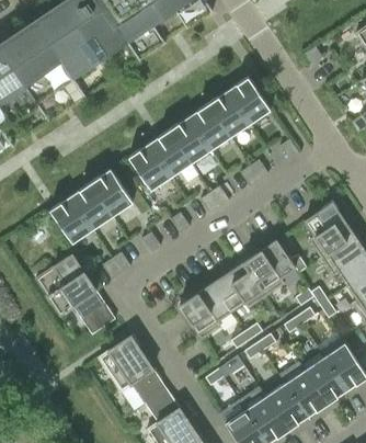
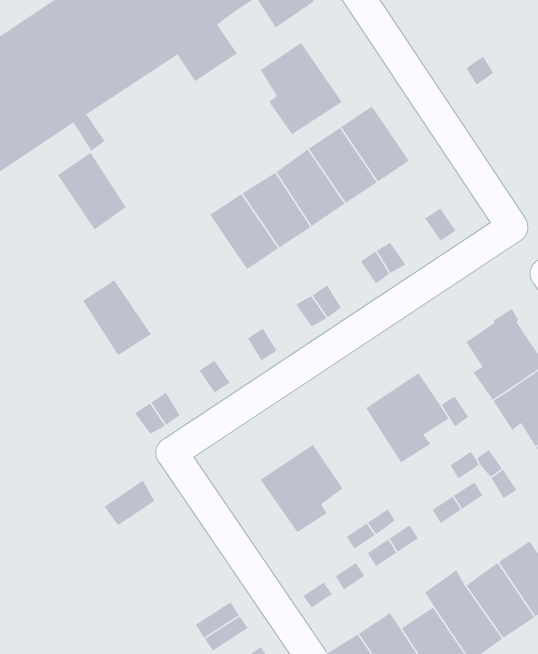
building: none -> [260,42,343,135]
building: [128,143,171,190] -> none
building: [90,168,133,216] -> [57,152,127,230]
building: [49,195,92,242] -> none
building: [35,253,96,314] -> none
building: [211,261,265,310] -> none
building: [99,334,153,390] -> none

